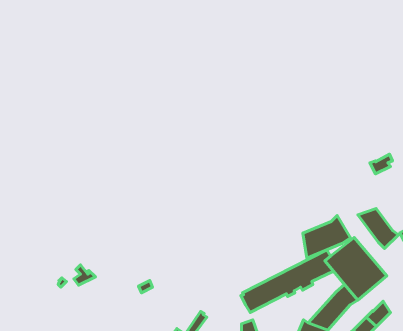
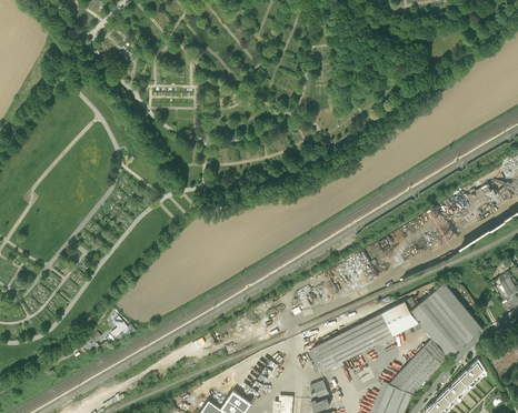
building: [358,208,398,249] -> none
building: [303,216,350,258] -> none

